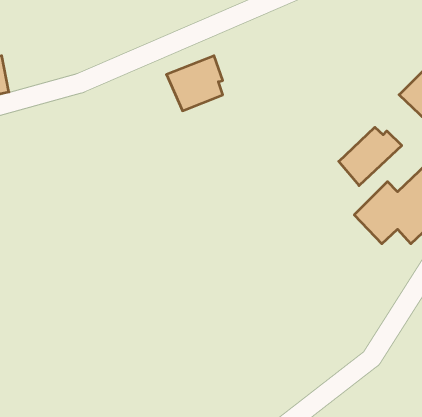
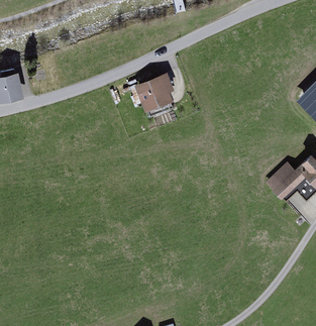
building: [339,127,402,186] -> none

